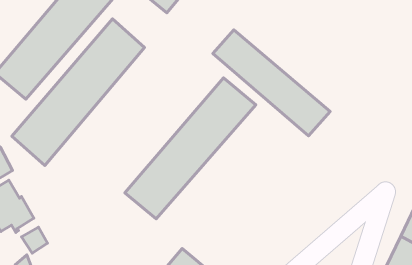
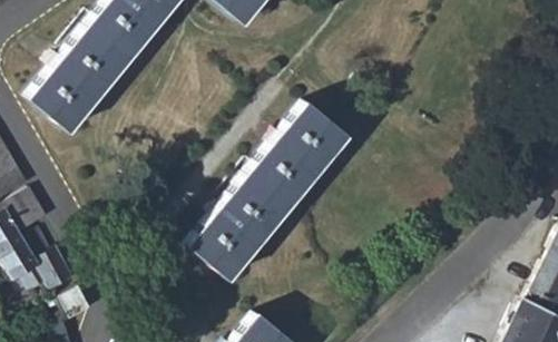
building: [12,19,145,165] -> none
building: [213,30,330,136] -> none

